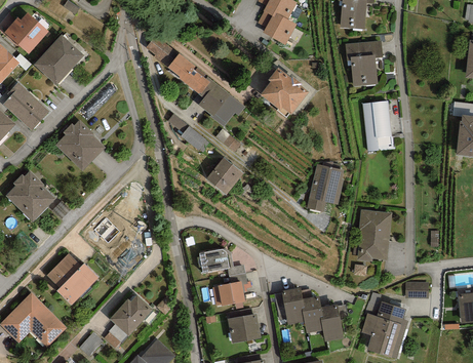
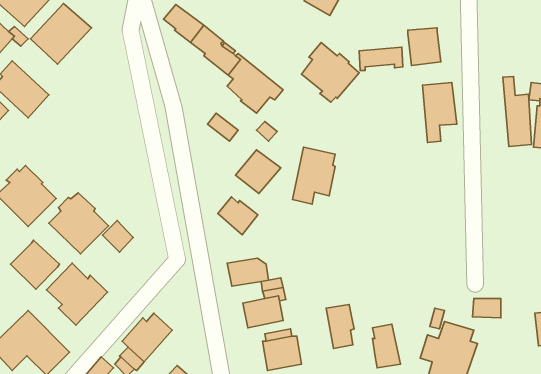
building: [345,40,382,59] -> [359,47,403,70]
building: none -> [503,77,532,147]
building: [54,119,105,170] -> [49,193,109,254]
building: [307,163,343,211] -> [292,147,335,204]
building: none -> [218,197,258,235]
building: [356,209,391,261] -> none
building: none -> [10,240,60,289]
building: [302,295,322,332] -> none

